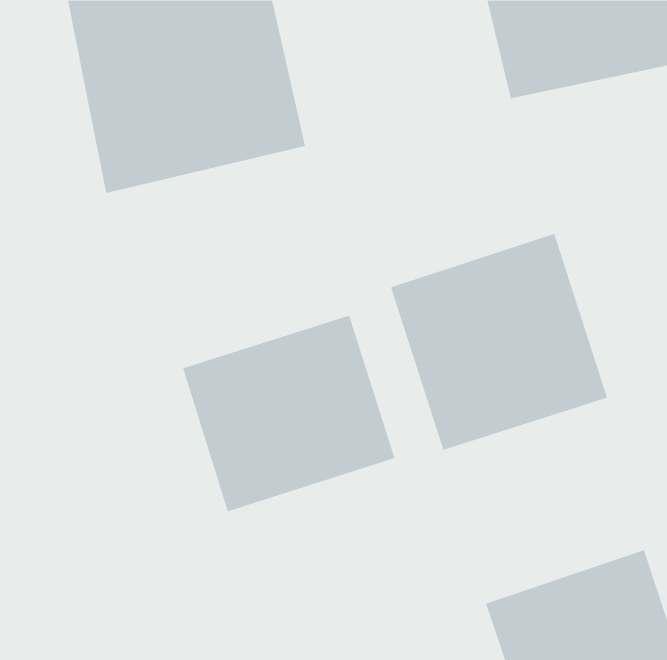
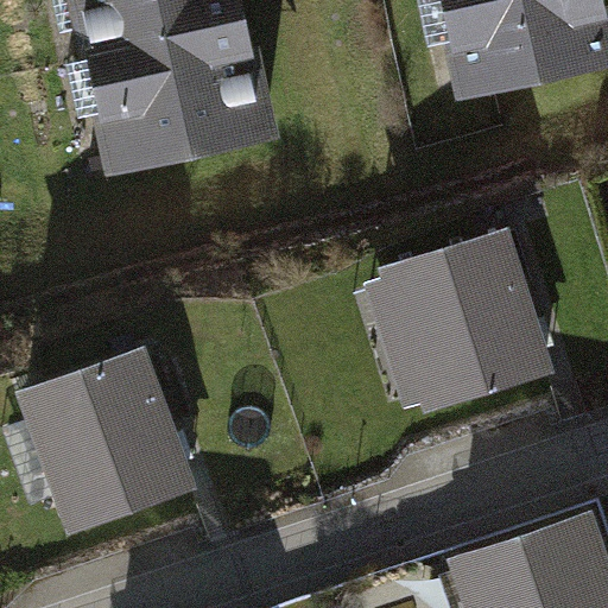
building: [183,315,395,512] -> none
building: none -> [13,338,195,531]

